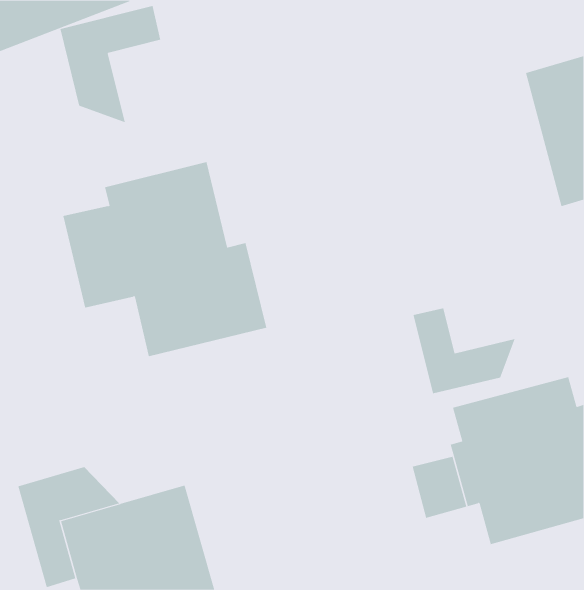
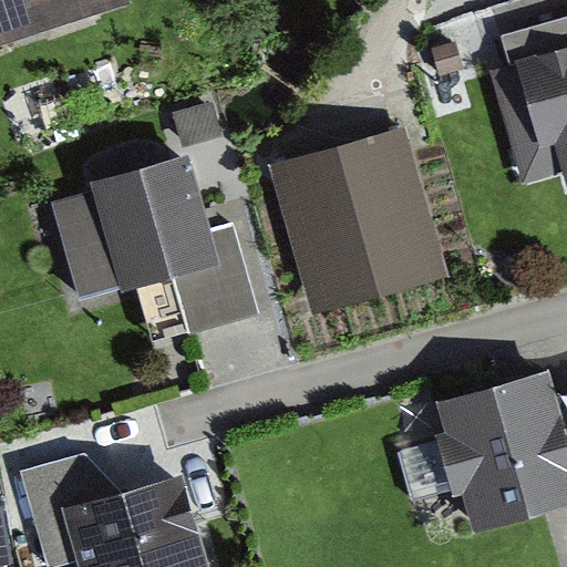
building: [60,5,161,123] -> none
building: none -> [287,133,437,313]
building: [413,307,516,394] -> none

